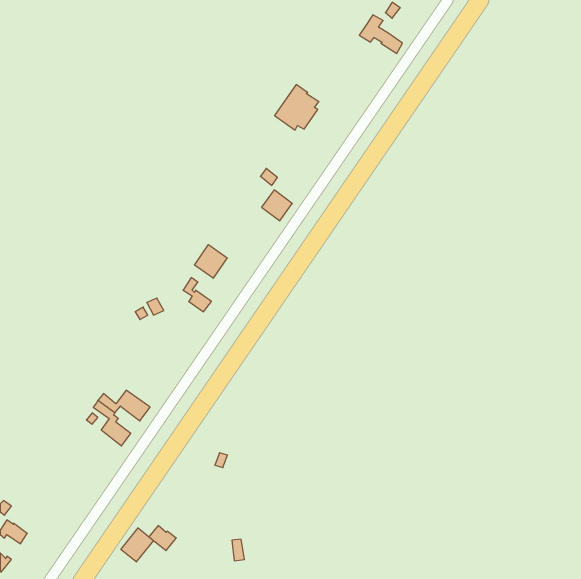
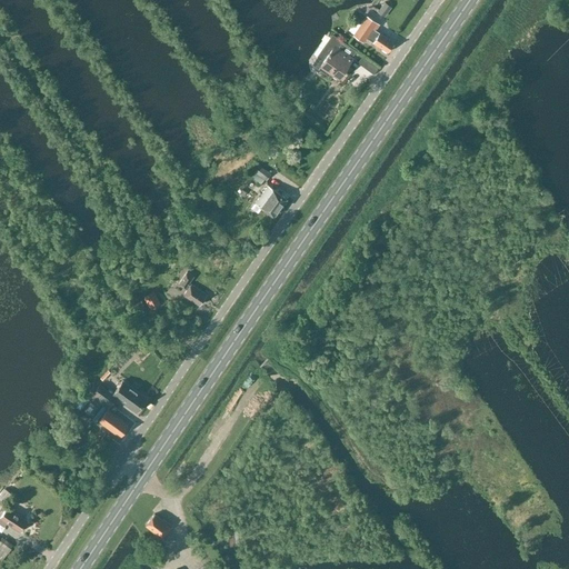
building: [275,85,319,130] -> [310,36,353,80]
building: [194,245,227,278] -> none
building: [121,528,153,562] -> none

